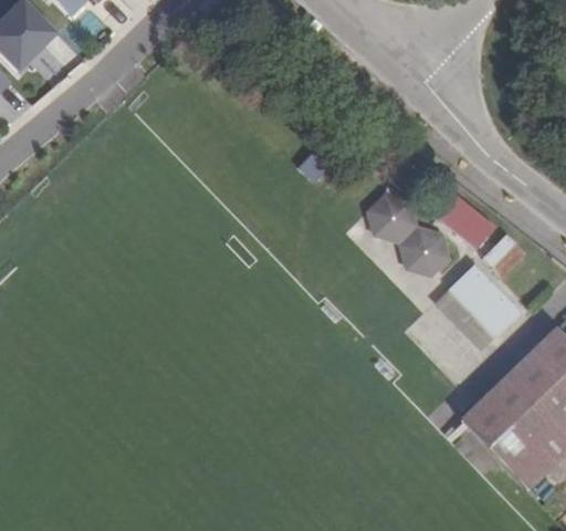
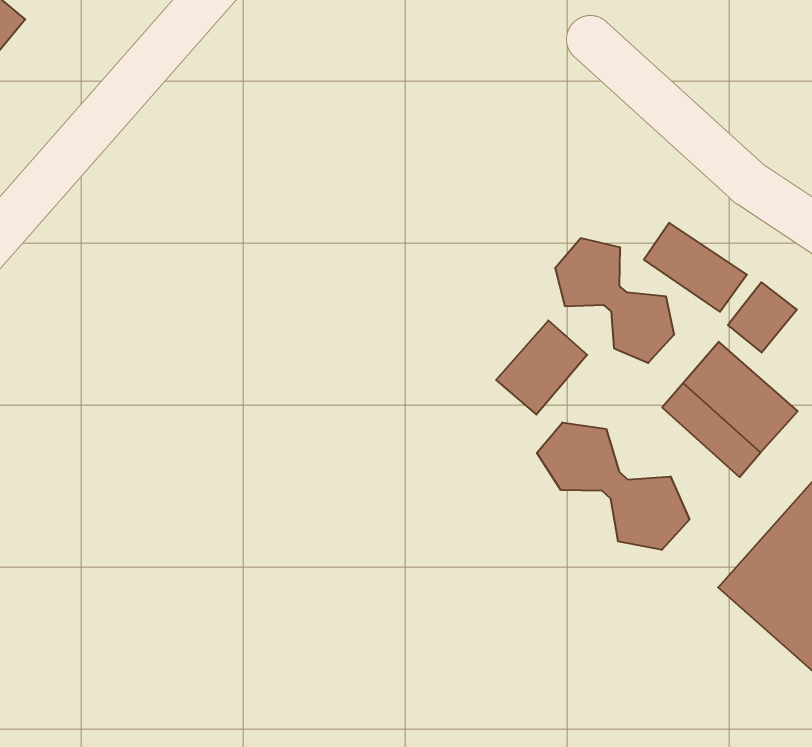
building: none -> [496,320,587,415]
building: none -> [537,422,689,550]

